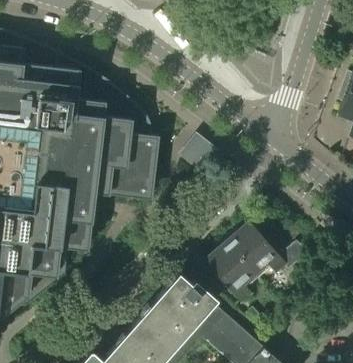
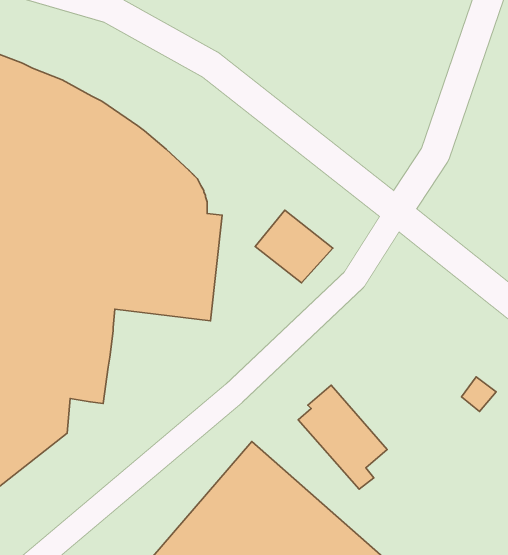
building: [224,224,318,279] -> none

